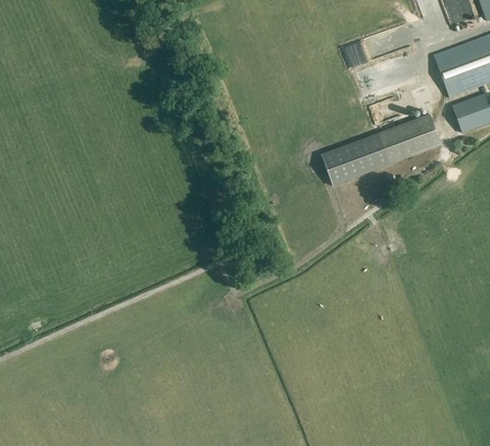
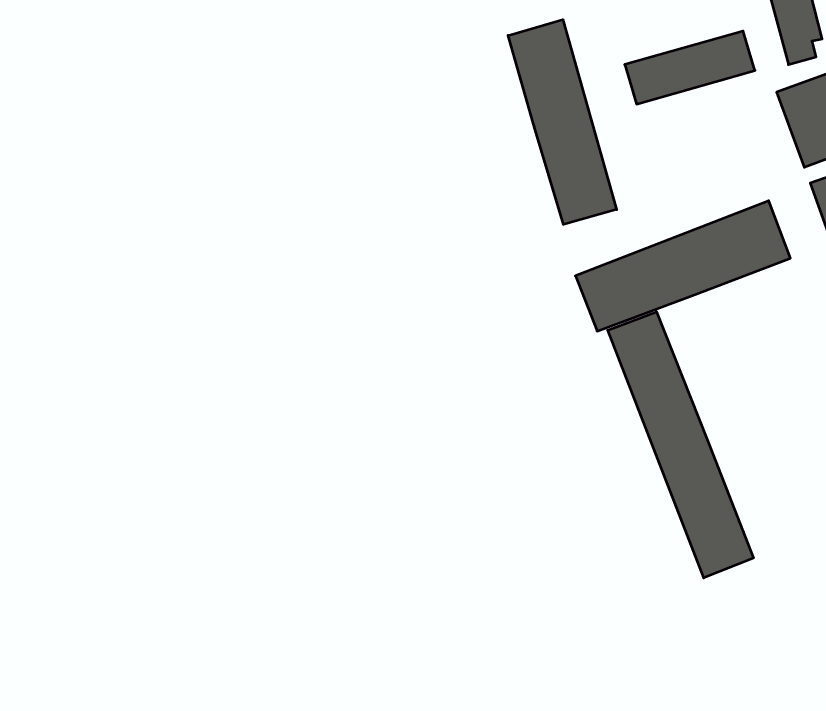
building: none -> [508,20,617,224]
building: none -> [608,312,753,578]

